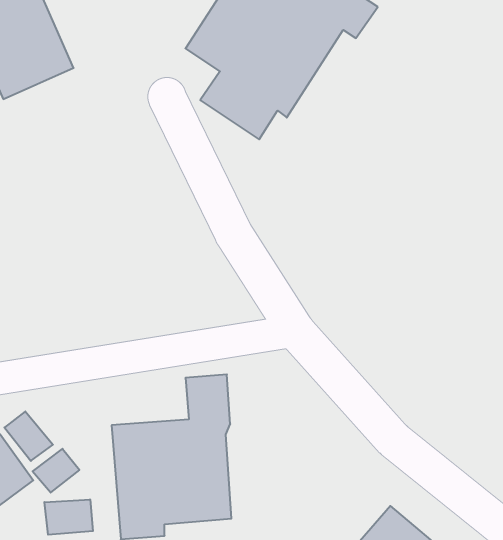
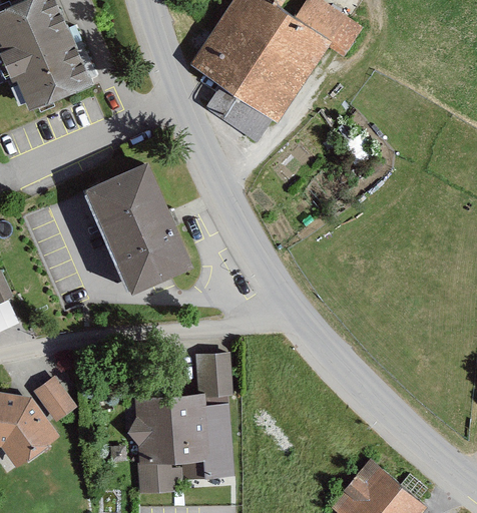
building: none -> [84,157,186,282]
building: [33,449,79,493] -> none
building: [44,499,93,535] -> none

